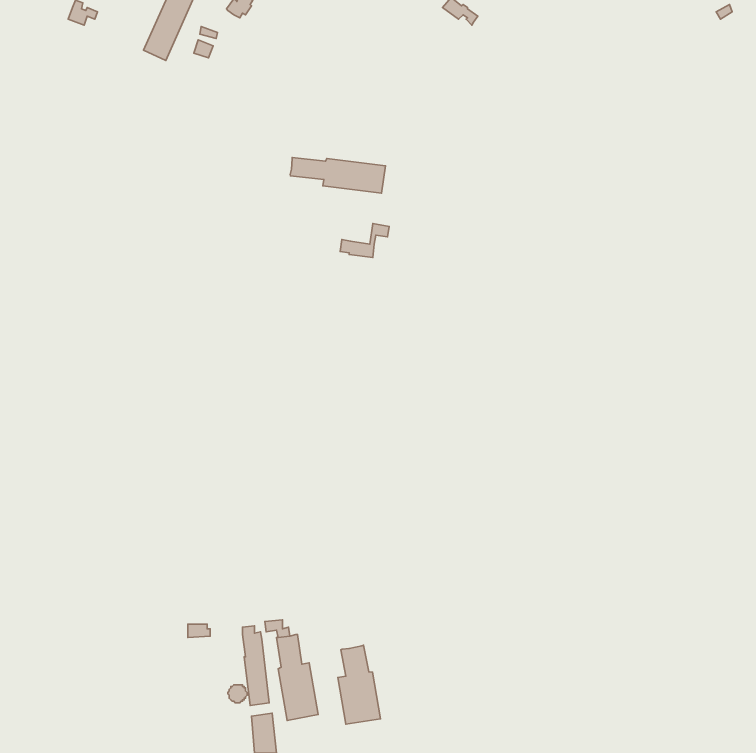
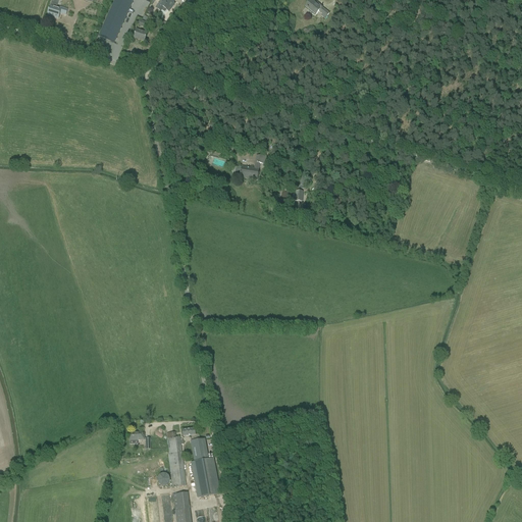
building: [290,157,386,193] -> none
building: [338,645,380,724] -> none

